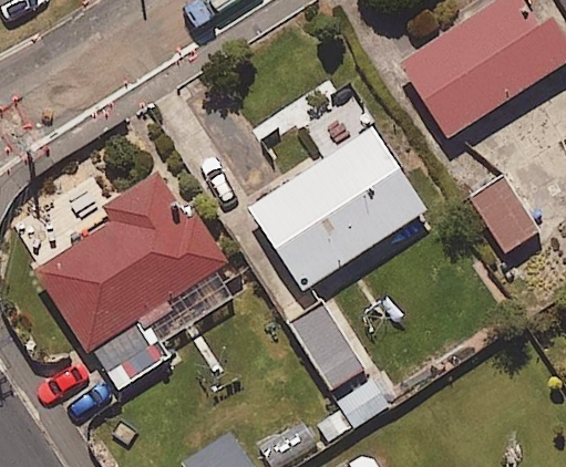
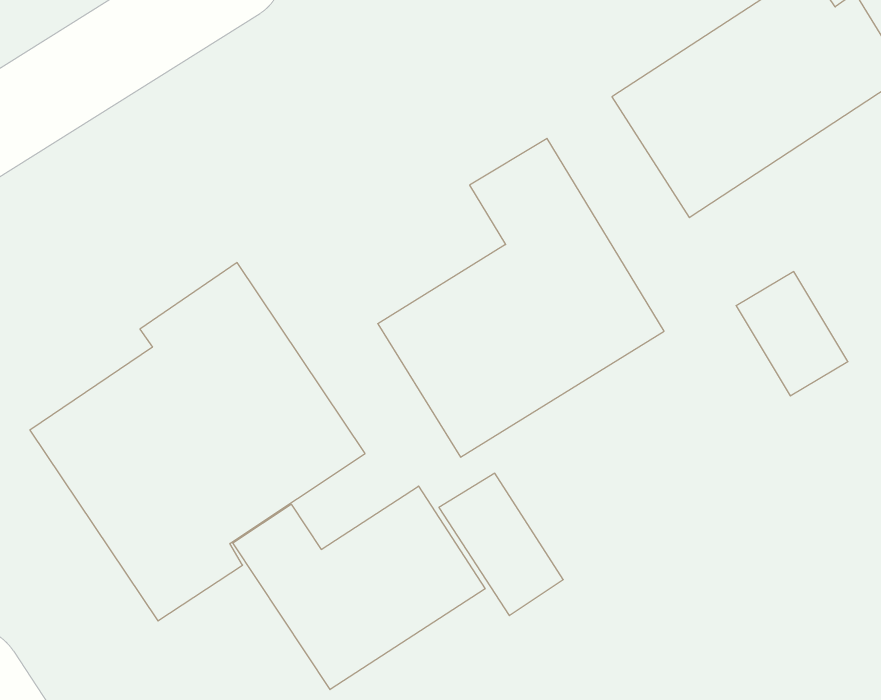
building: none -> [233,486,485,690]

